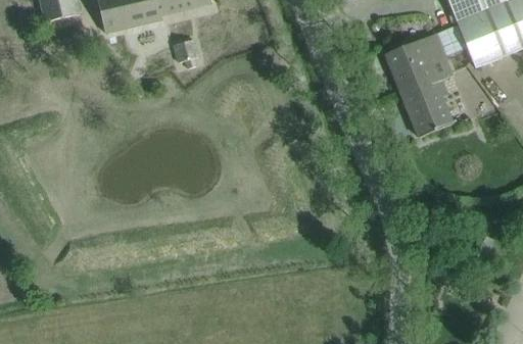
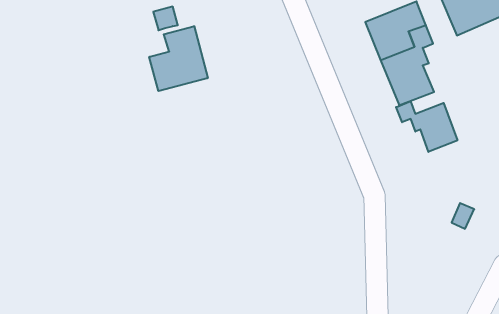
building: none -> [149,26,208,91]
building: none -> [396,101,457,152]

